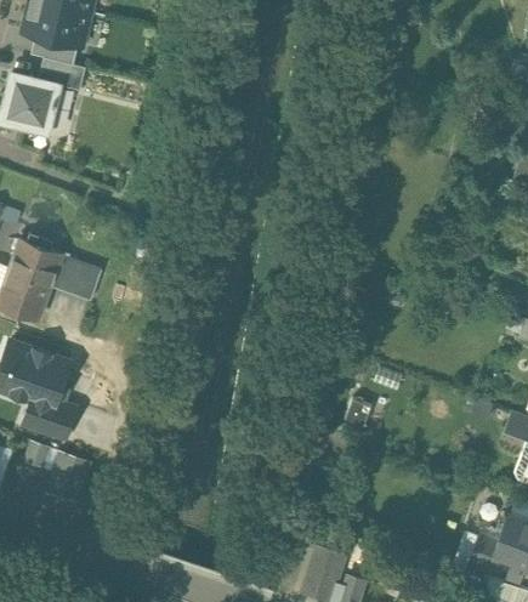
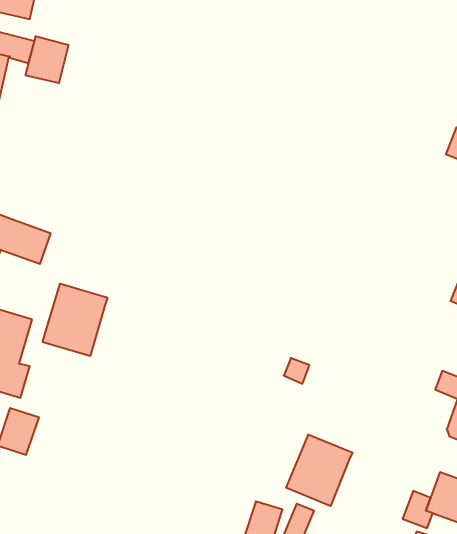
building: none -> [26,36,68,83]
building: none -> [43,284,107,356]
building: none -> [286,434,353,506]

